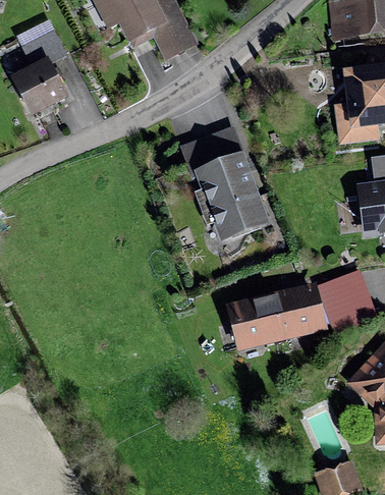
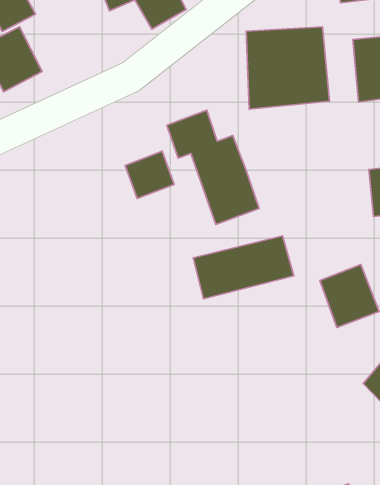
building: none -> [246,27,330,109]
building: none -> [125,151,174,198]
building: [232,286,322,342] -> [193,236,294,299]

